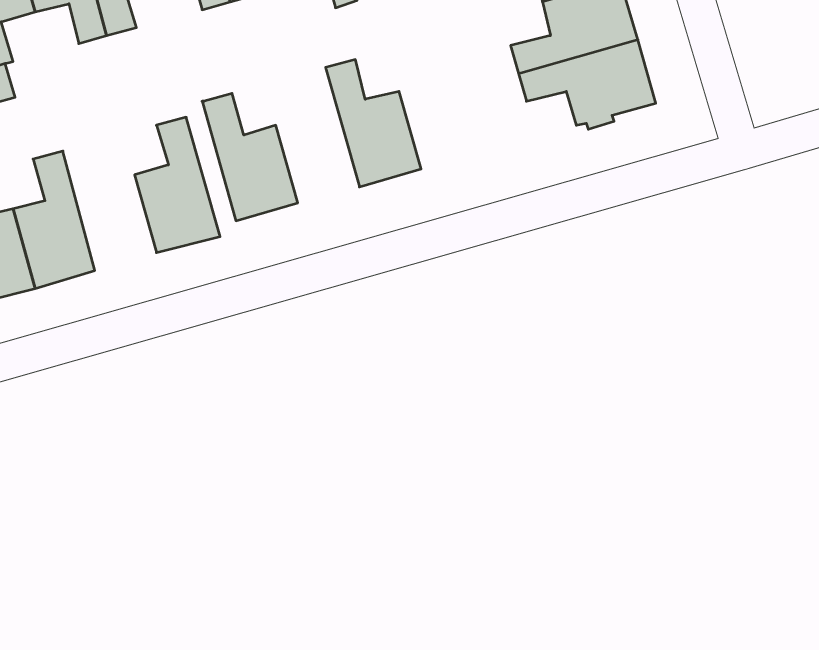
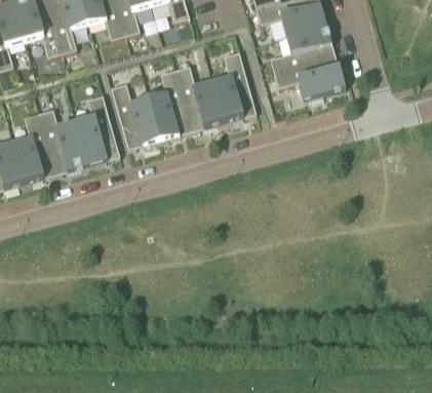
building: none -> [211,50,256,121]
building: none -> [148,69,191,139]
building: none -> [38,108,86,173]

